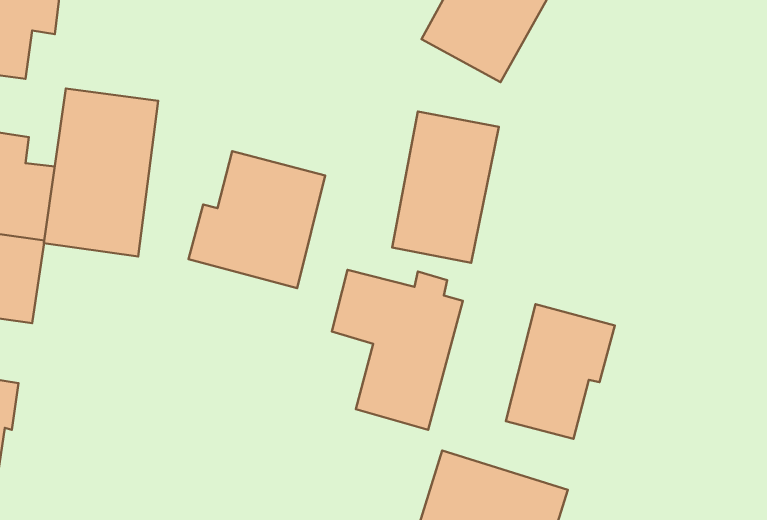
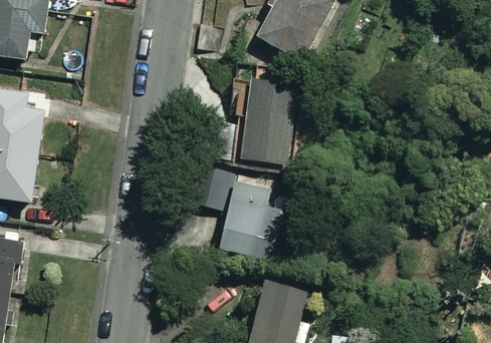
building: [44,88,158,256] -> none
building: [188,151,325,288] -> none
building: [506,304,615,439] -> none

